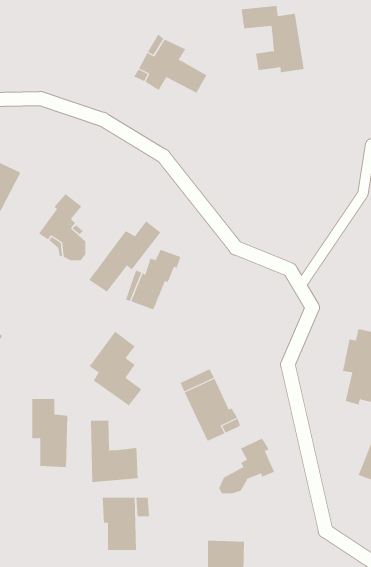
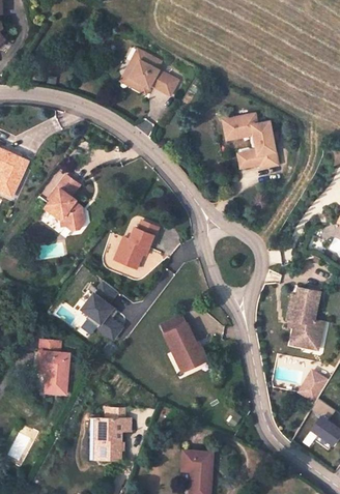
building: [241,5,304,73] -> [226,115,277,169]
building: [89,221,161,292] -> none
building: [90,420,138,483] -> none
building: [219,438,275,494] -> none

